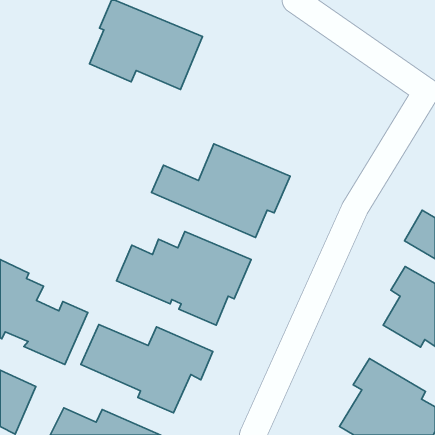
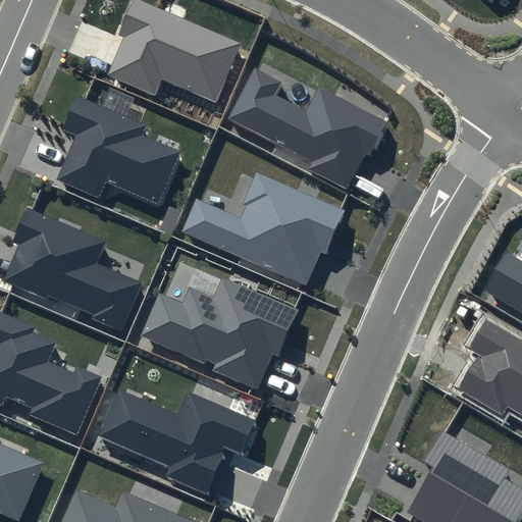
building: none -> [227,68,384,191]
building: none -> [56,96,182,202]
building: none -> [4,206,144,331]

